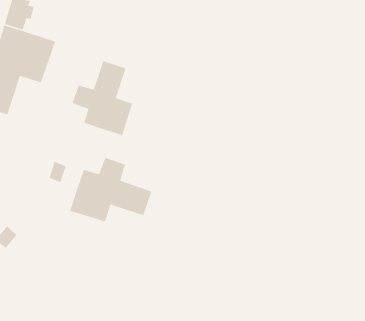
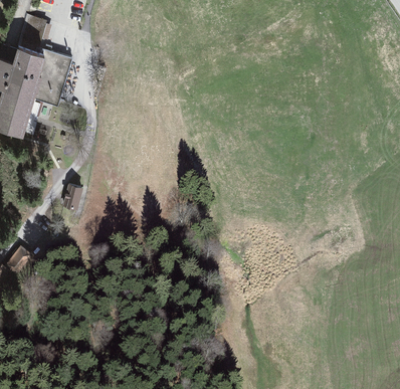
building: [72,60,133,136] -> none
building: [69,157,153,223] -> none

